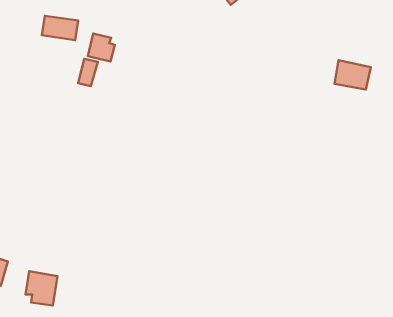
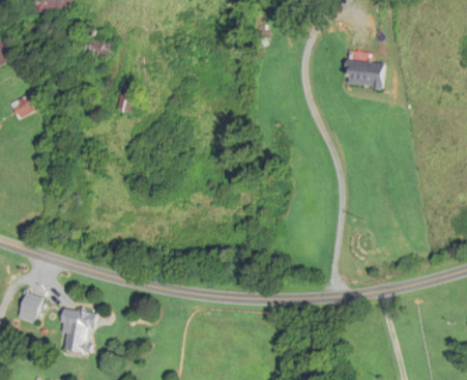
building: [88,34,115,62] -> none
building: [335,60,371,90] -> [347,58,385,89]

